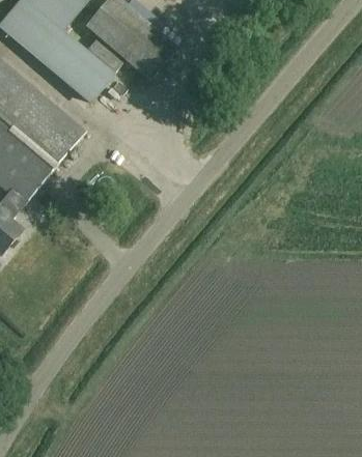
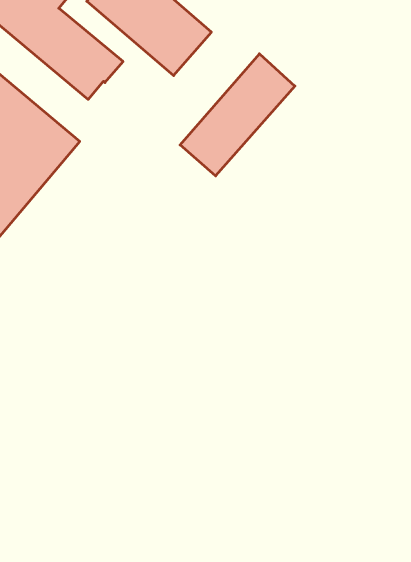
building: none -> [180,54,295,176]

